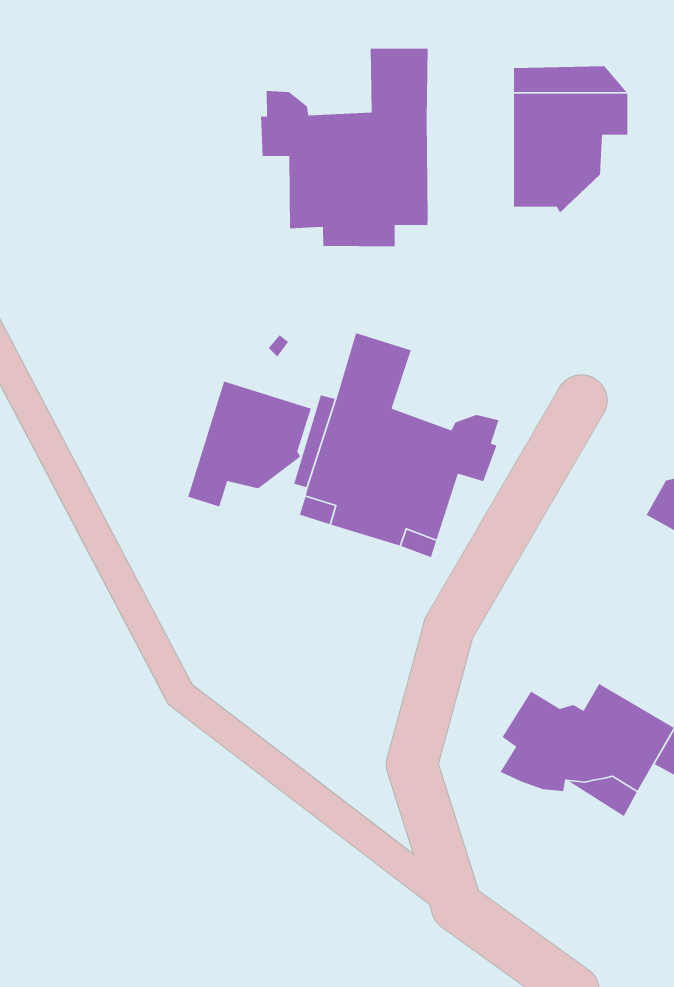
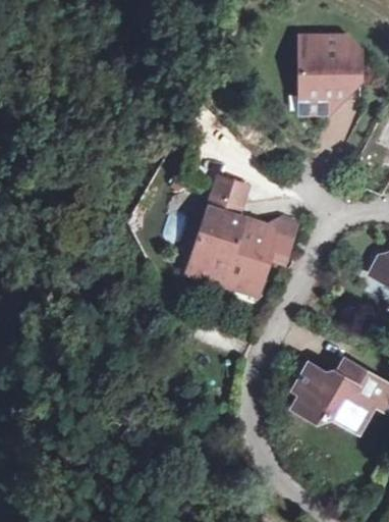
building: [260,48,429,247] -> none
building: [187,381,312,507] -> none

